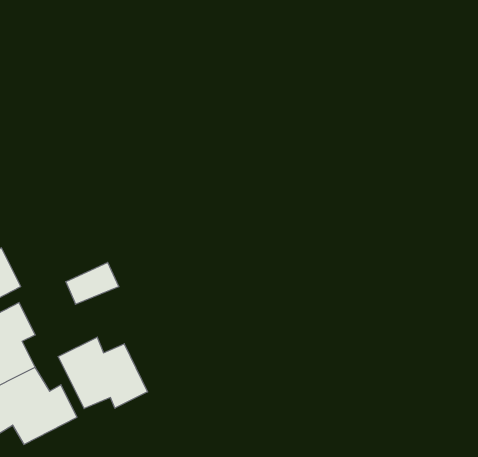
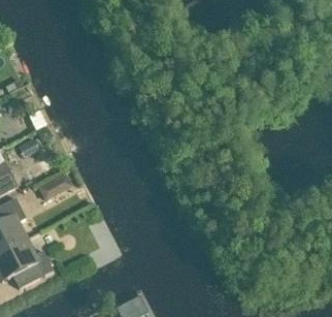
building: [58,337,148,409] -> none

